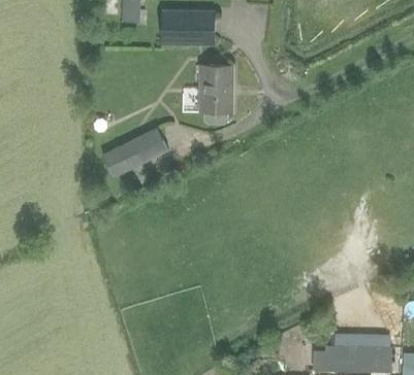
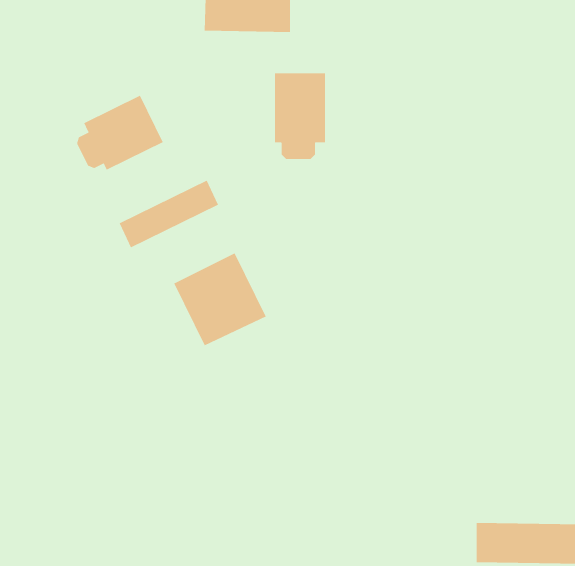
building: none -> [77,95,164,170]
building: none -> [174,252,266,346]

